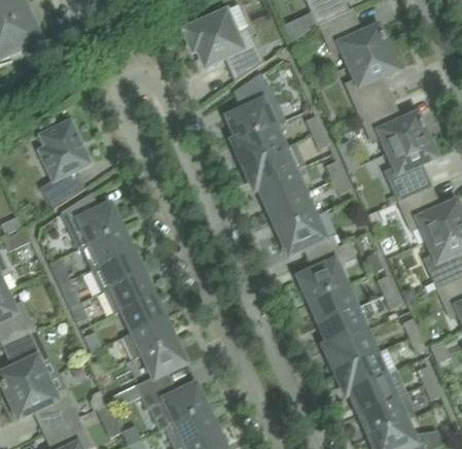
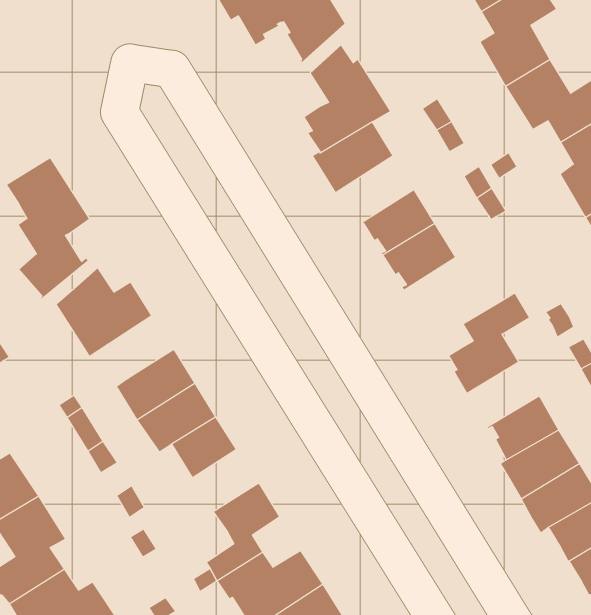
building: [244,141,305,187] -> none
building: [279,214,336,256] -> none
building: [80,227,132,269] -> none
building: [310,284,355,322] -> none
building: [121,316,174,358] -> none

